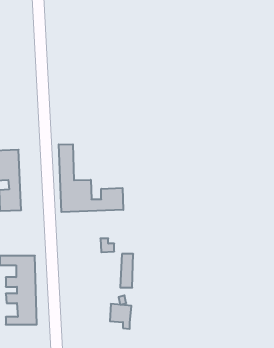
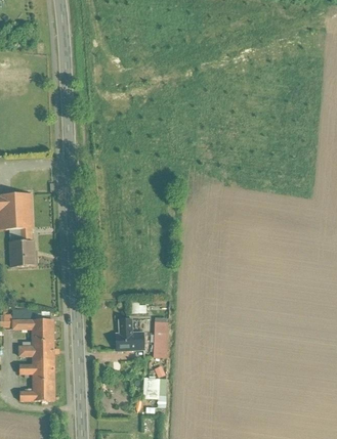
building: [59,144,123,212] -> none
building: none -> [116,316,145,350]

